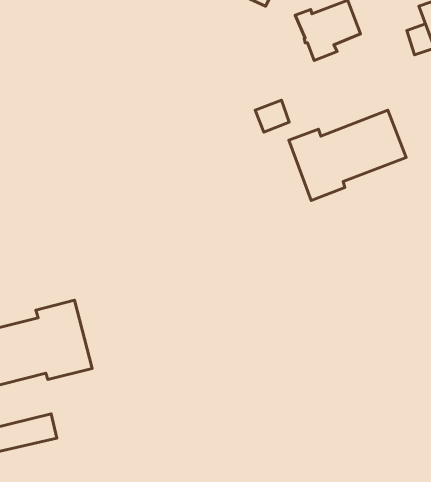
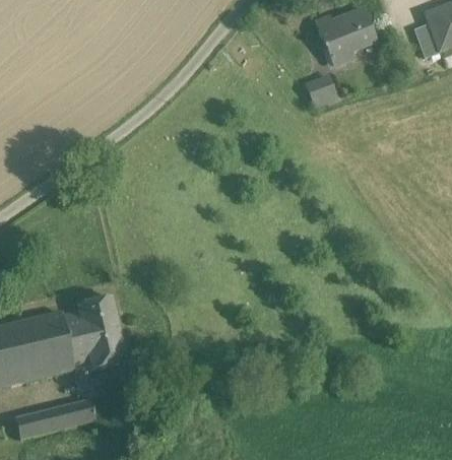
building: [255,100,289,132] -> [306,80,337,110]
building: [289,110,406,200] -> none

